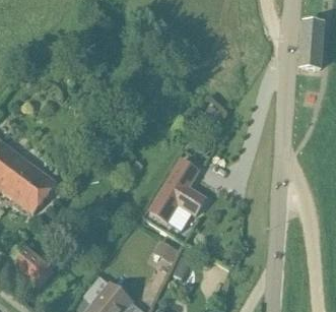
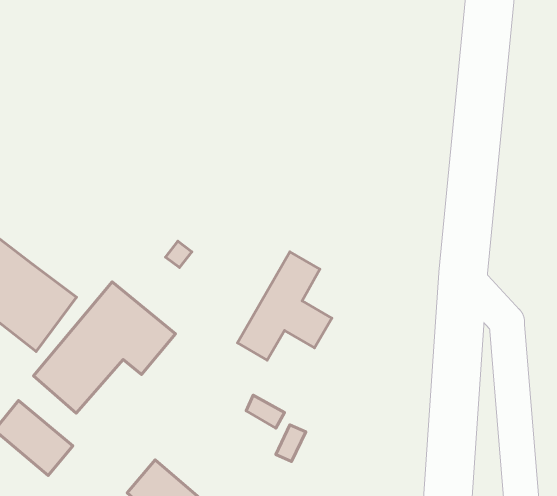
building: [299,20,326,71] -> none
building: none -> [33,282,176,413]

